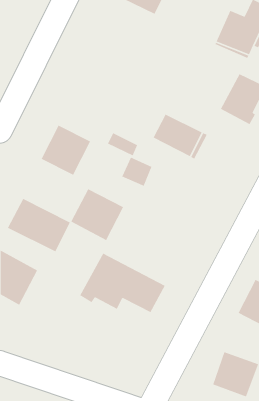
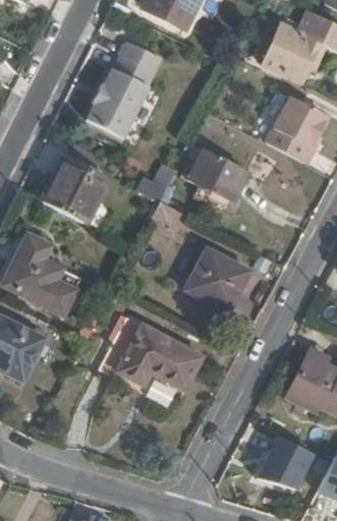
building: none -> [93,45,166,139]
building: [70,188,124,241] -> [183,248,248,312]

